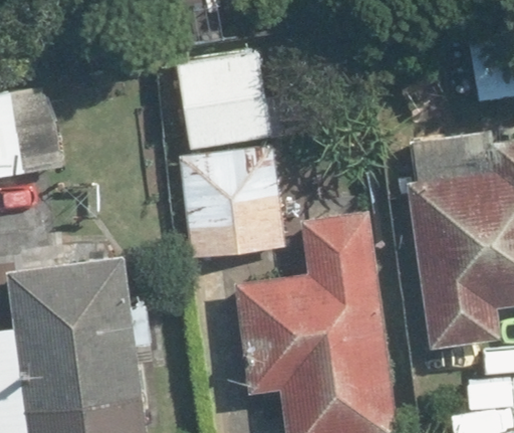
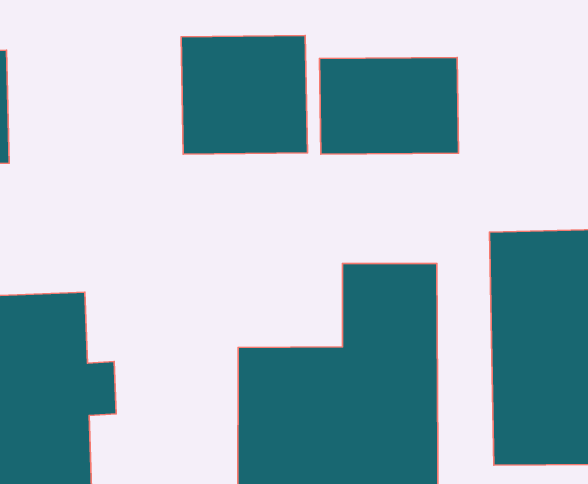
building: none -> [320,58,458,154]
building: [176,150,278,256] -> none

